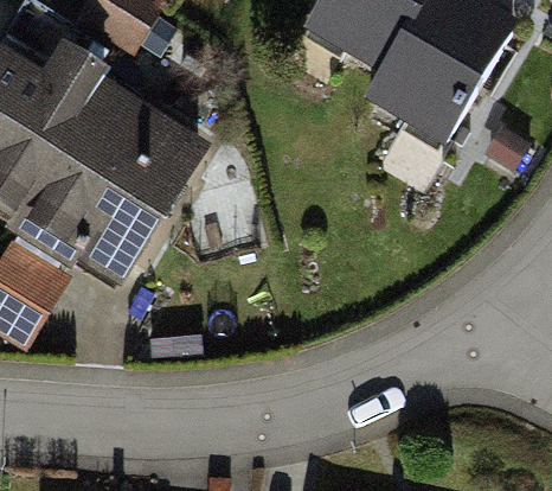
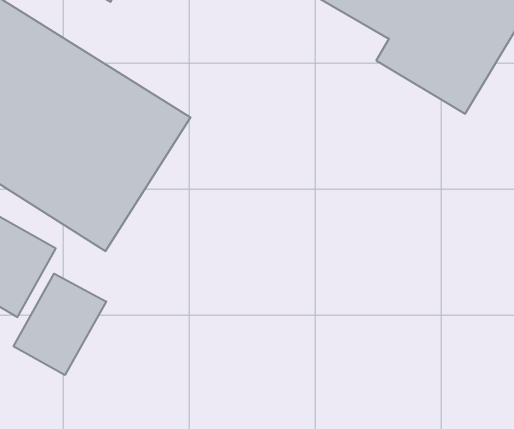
building: none -> [14,274,106,375]

